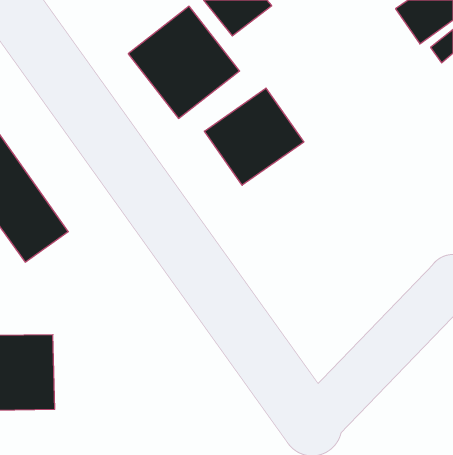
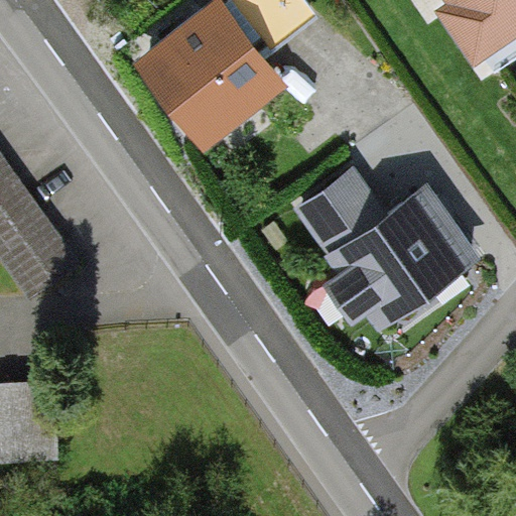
building: [204,88,304,185] -> none
building: none -> [295,173,464,319]

